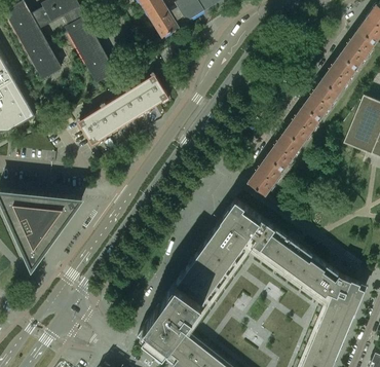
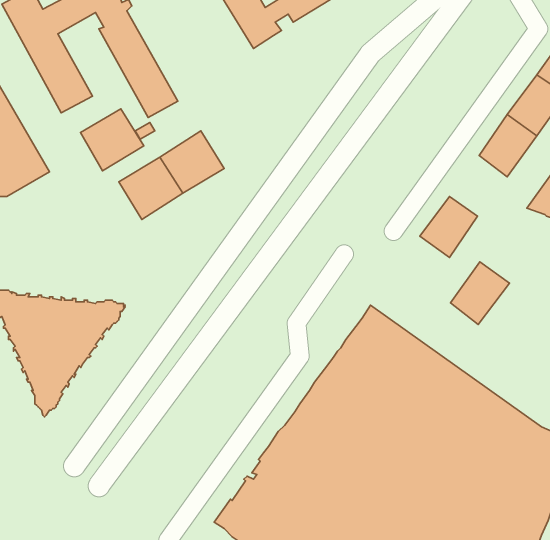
building: [129,74,168,113] -> none
building: none -> [81,109,144,171]
building: [284,105,320,143] -> none
building: [248,155,284,194] -> [450,262,510,324]

